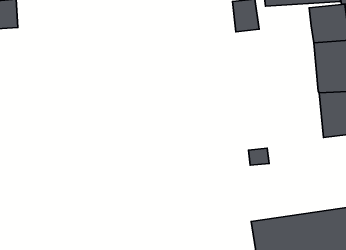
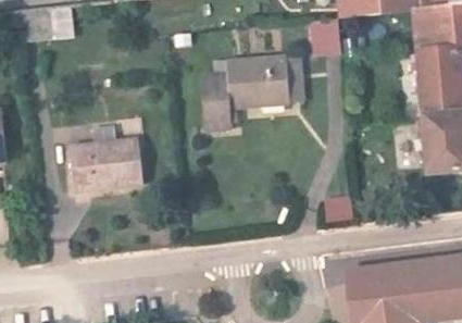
building: none -> [207,69,297,134]
building: none -> [74,123,143,184]

